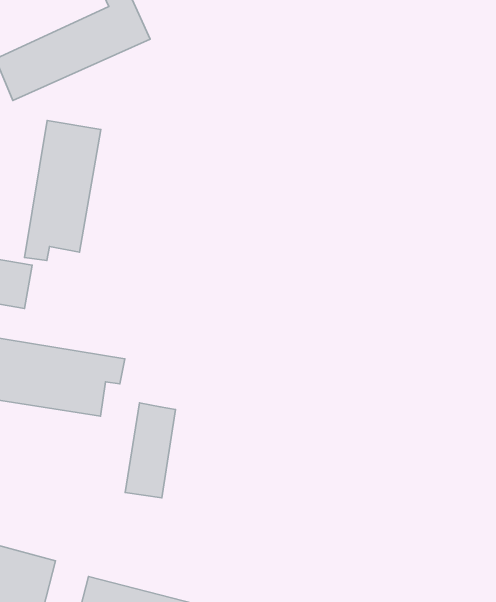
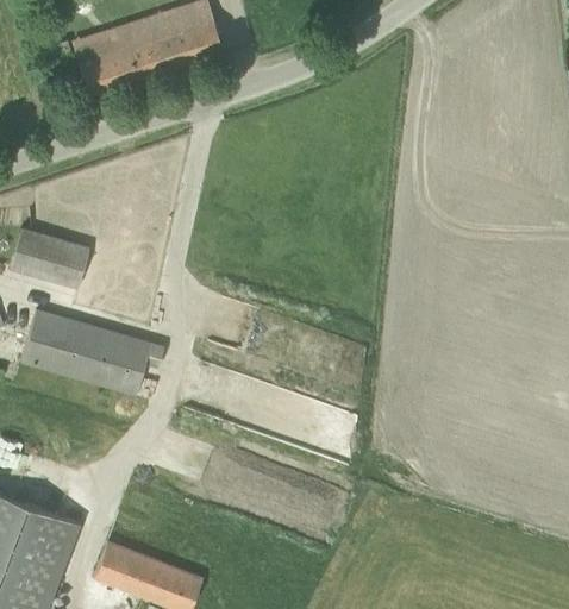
building: [24,121,101,260] -> none
building: [125,403,176,498] -> none

